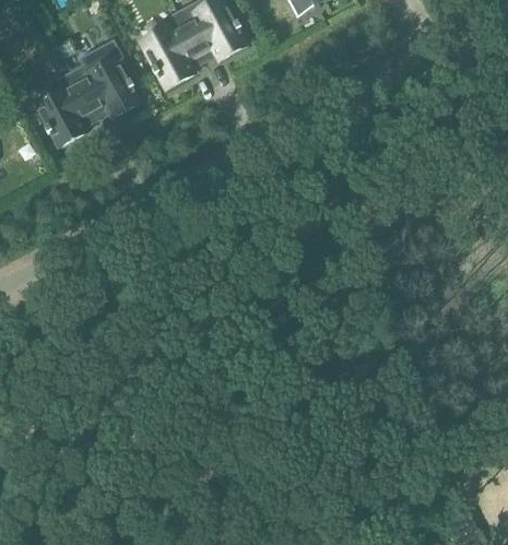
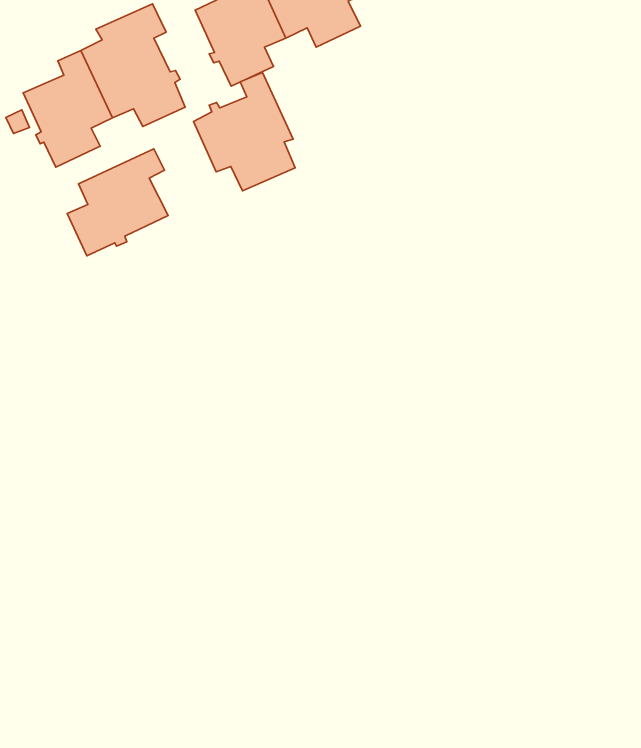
building: none -> [193,72,295,191]
building: none -> [67,149,168,256]

